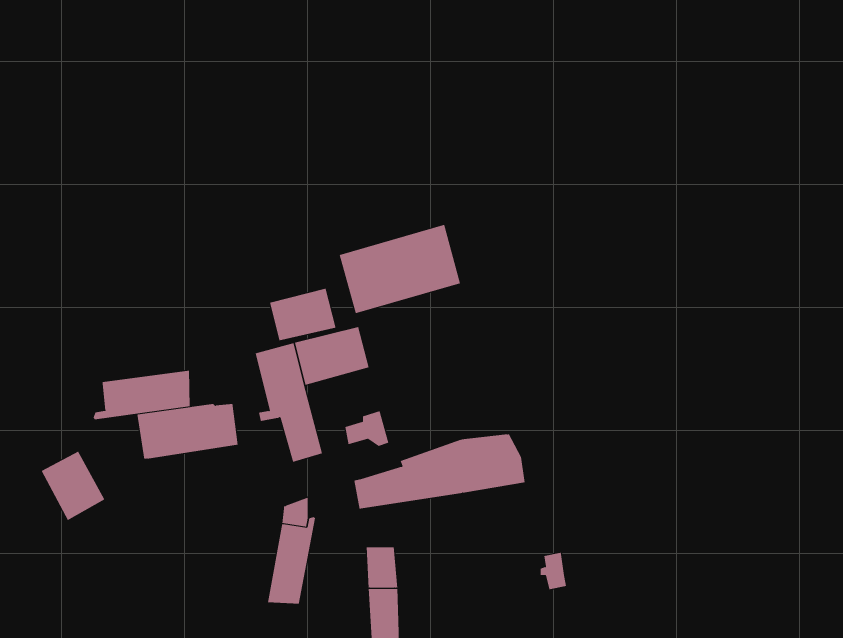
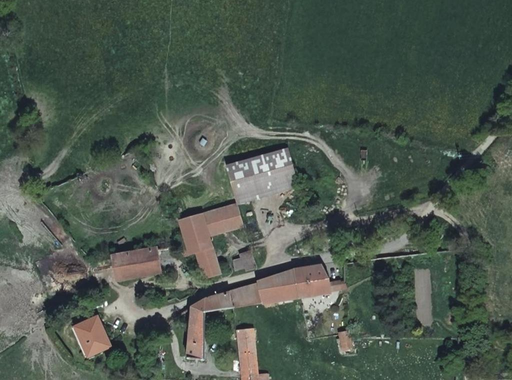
building: [269,288,336,341] -> none
building: [93,370,190,420] -> none
building: [41,451,105,521] -> [75,318,111,357]
building: none -> [207,290,235,311]

